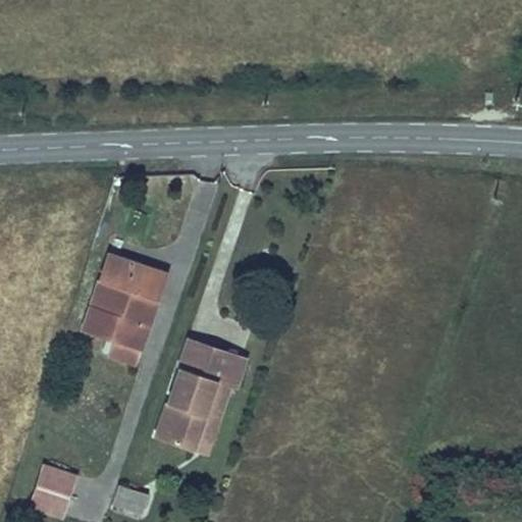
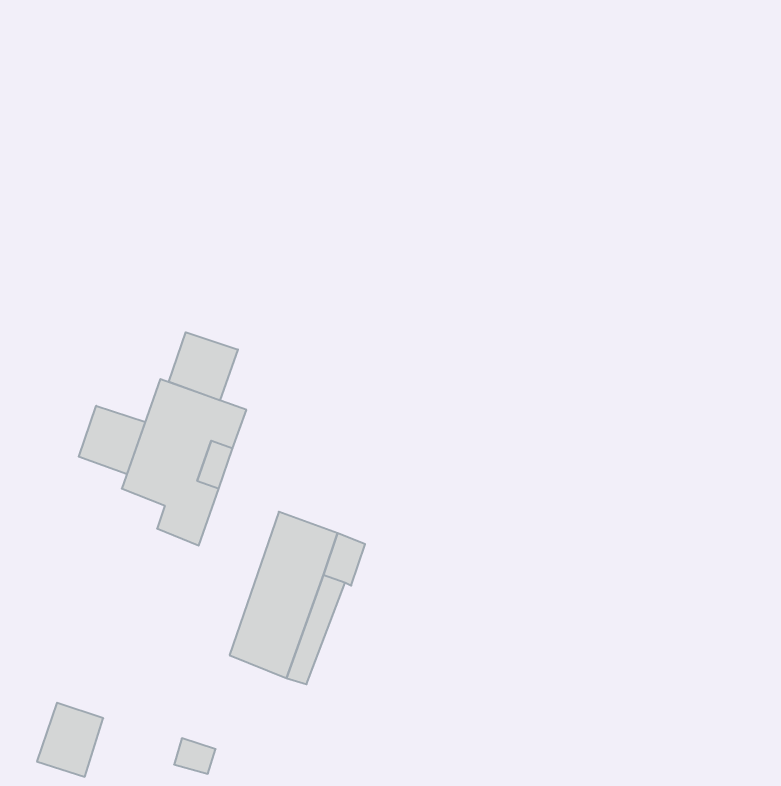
building: none -> [169,332,238,400]
building: none -> [79,406,145,474]

